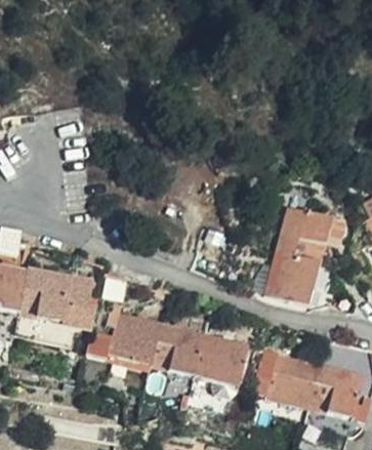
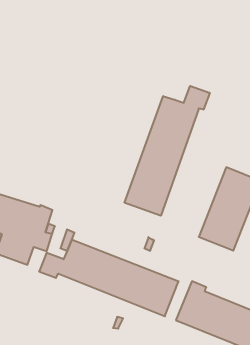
building: none -> [125,86,210,216]

